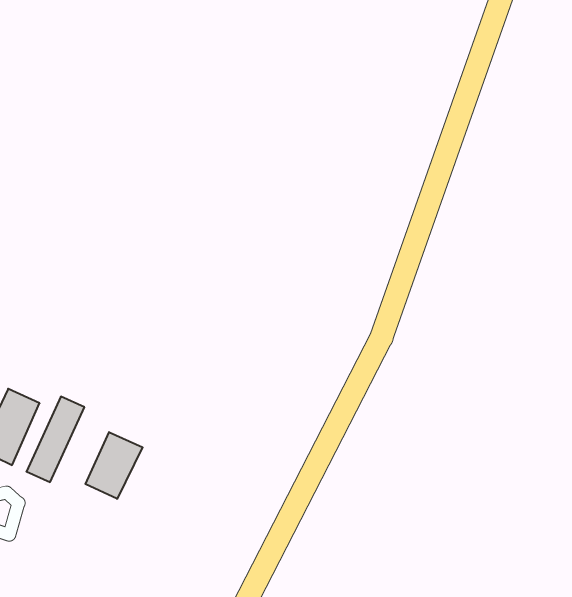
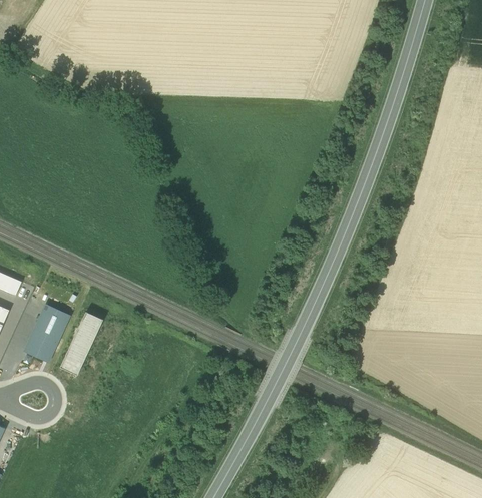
building: [85,432,143,499] -> none

